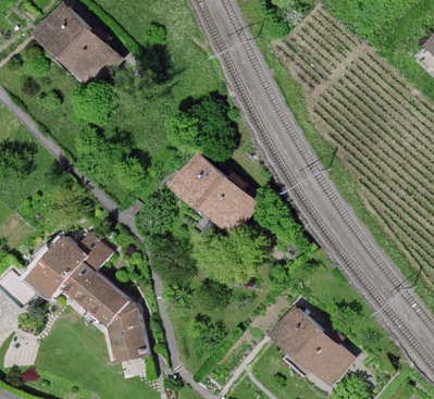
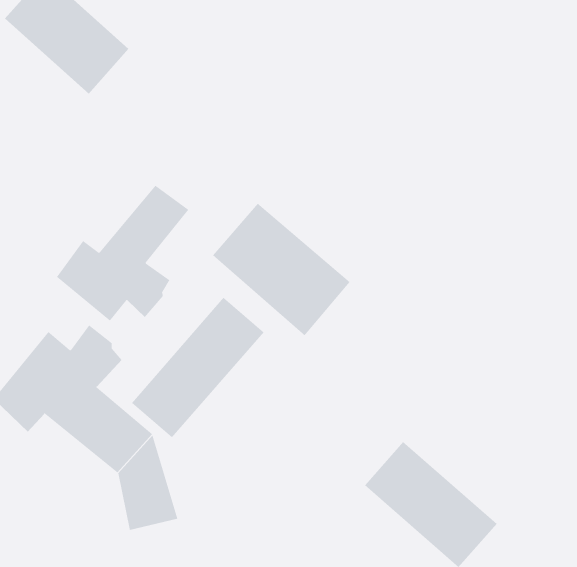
building: none -> [56,185,189,322]
building: none -> [131,297,264,438]

